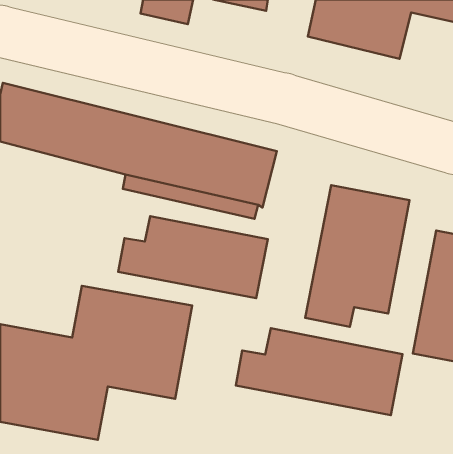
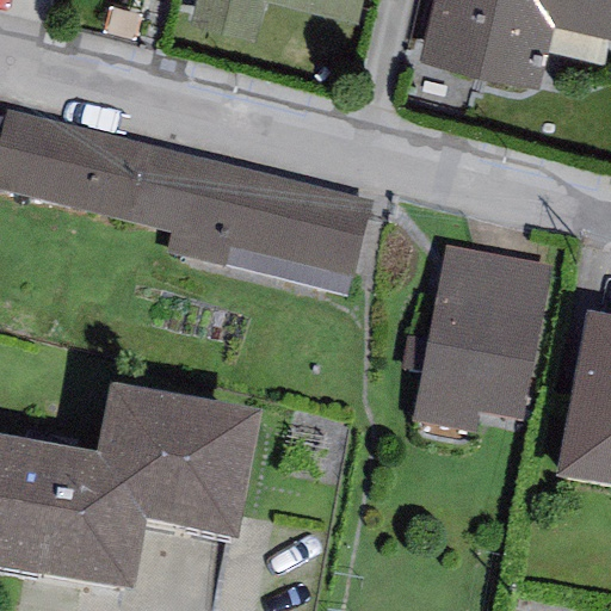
building: [118,216,268,298] -> none
building: [236,328,403,415] -> none

